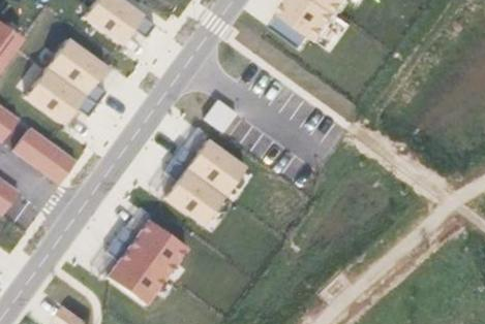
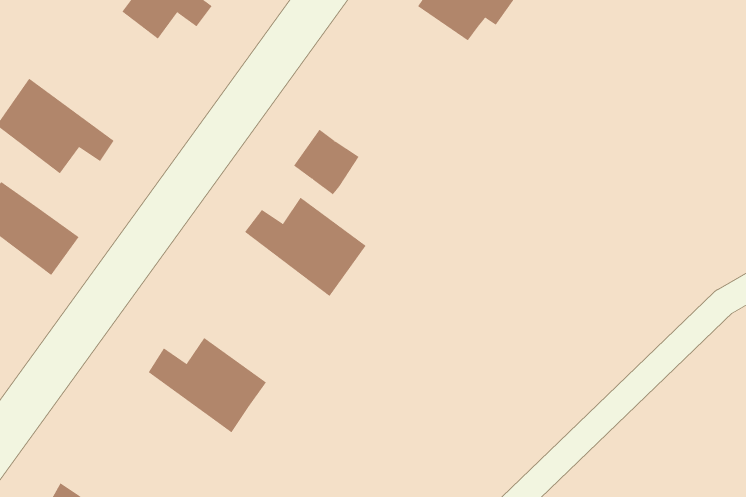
building: [44,37,104,102] -> none
building: [164,156,222,221] -> none
building: [105,238,164,301] -> none

